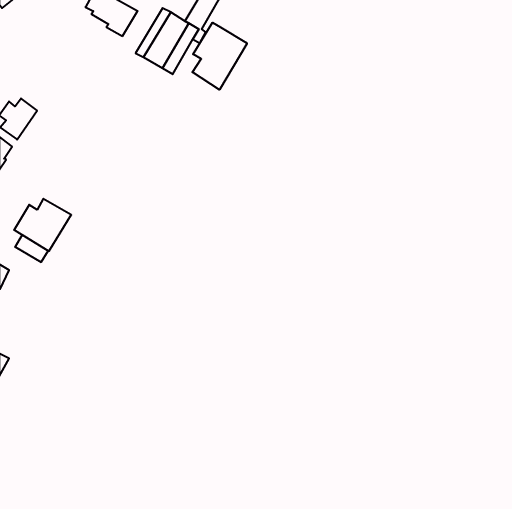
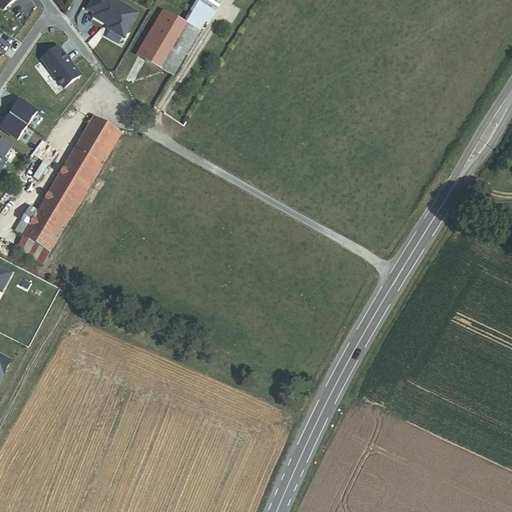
building: [192,23,247,90] -> none
building: none -> [41,45,79,86]
building: none -> [43,115,120,214]

